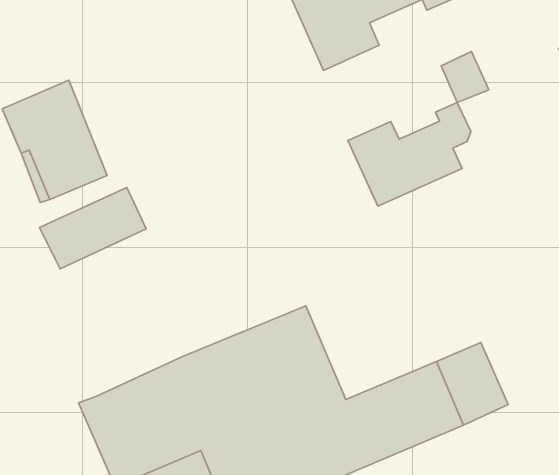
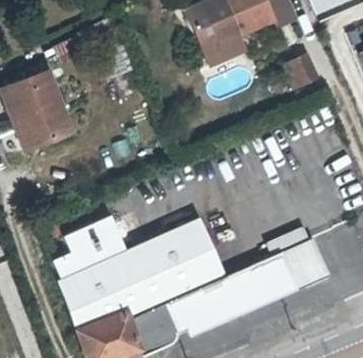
building: [348,102,471,206] -> none
building: [39,188,146,269] -> [52,222,120,274]

